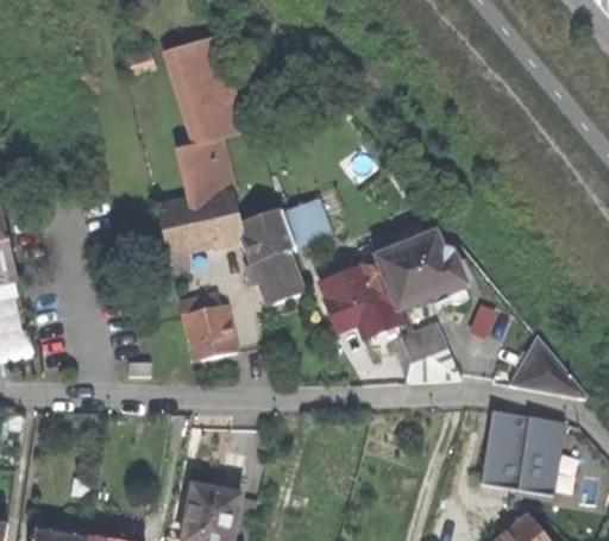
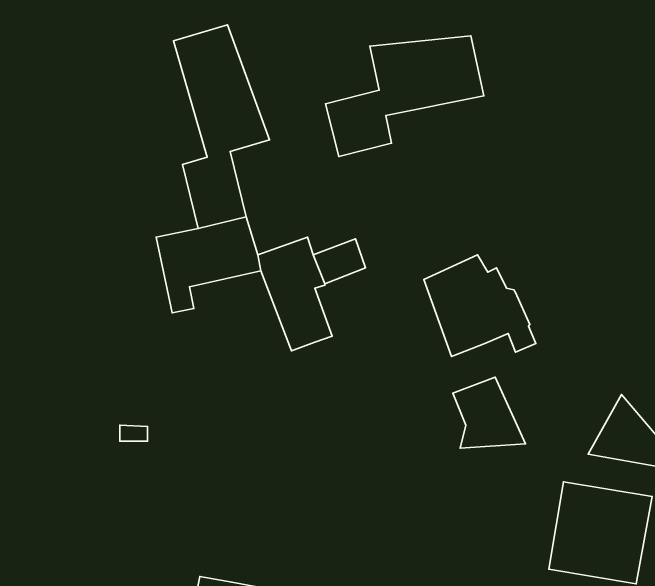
building: none -> [325,36,484,156]
building: [319,264,402,336] -> none
building: [178,292,236,361] -> none

